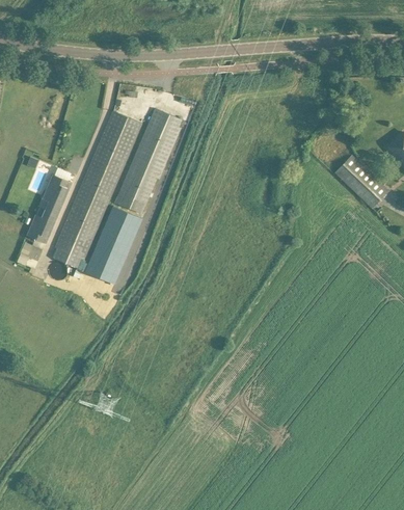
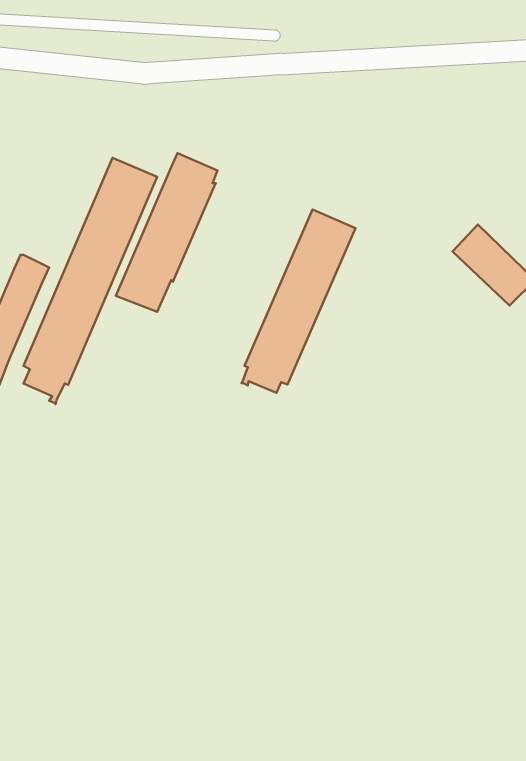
building: none -> [241,209,356,393]
building: [81,206,141,284] -> none

